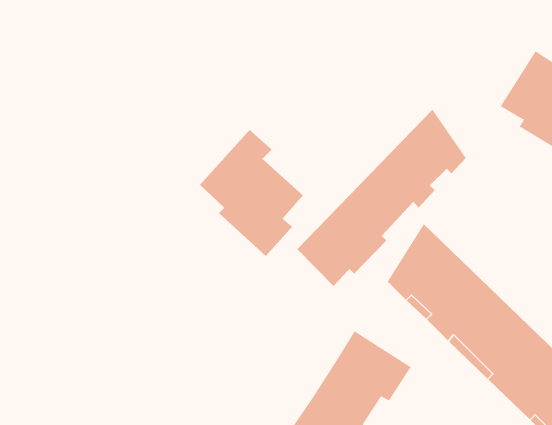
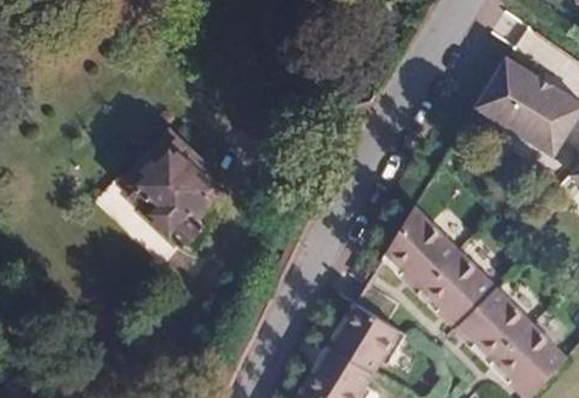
building: [297,109,467,287] -> none
building: [199,129,304,257] -> [120,139,213,253]

